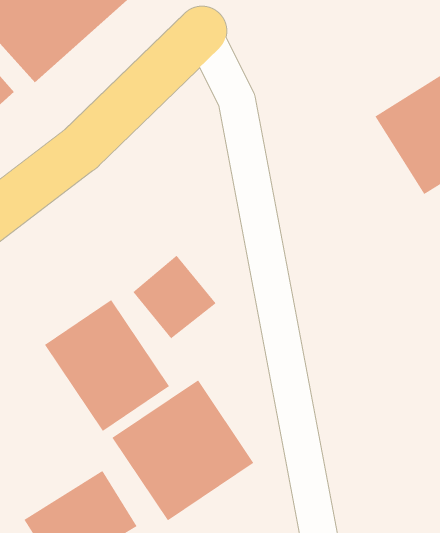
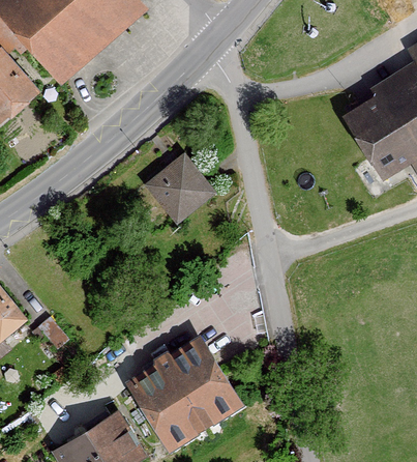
building: [132,255,217,339] -> [140,153,210,224]
building: [44,299,170,432] -> none

